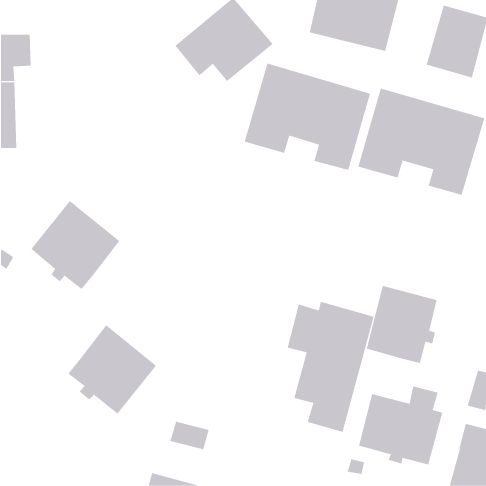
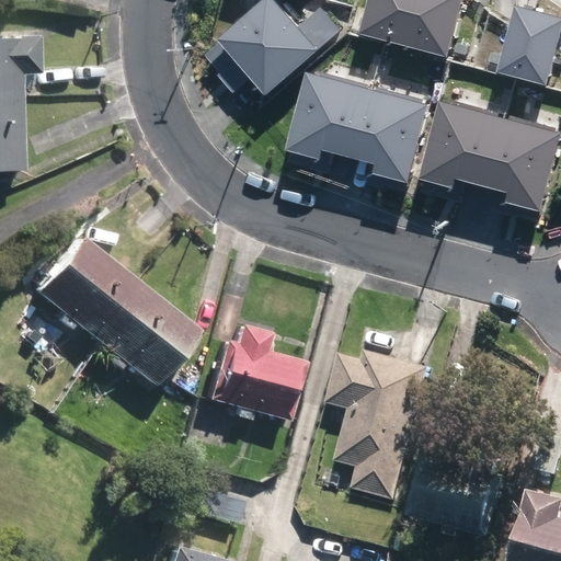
building: none -> [206,316,305,415]
building: [366,285,437,364] -> none
building: [67,325,157,414] -> [95,277,198,380]

